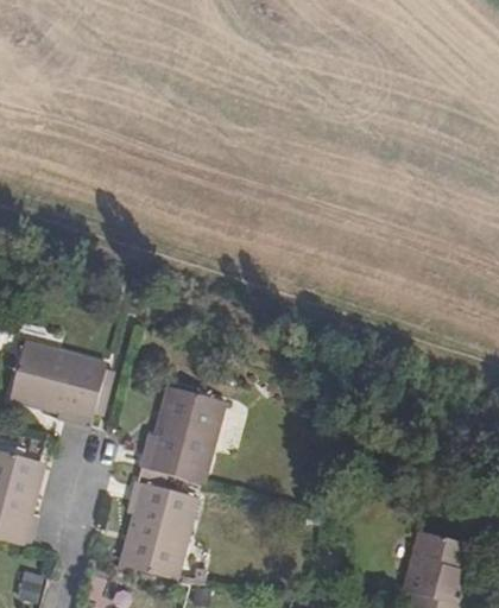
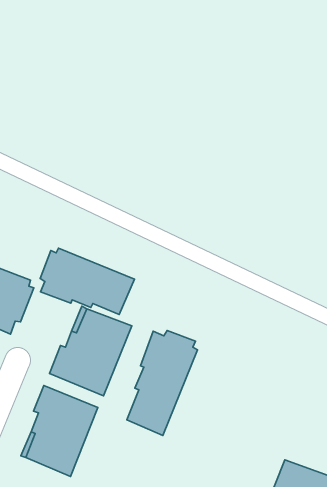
building: none -> [40,248,135,314]
building: none -> [127,330,198,436]

